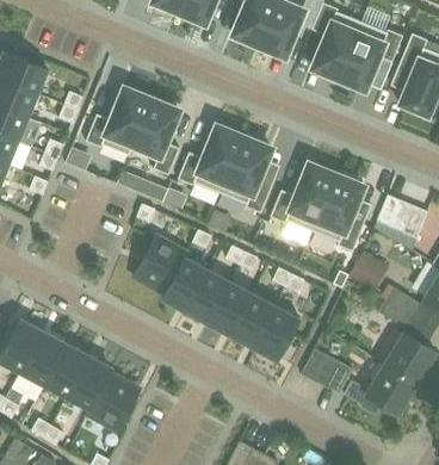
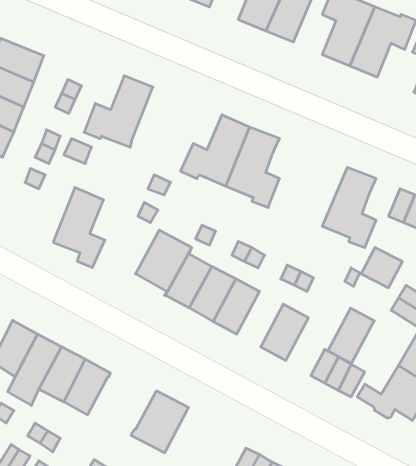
building: [130,99,179,175] -> [54,187,105,268]
building: [268,163,335,231] -> none
building: [230,293,274,346] -> [328,308,374,363]
building: [84,374,138,433] -> [131,391,189,453]

